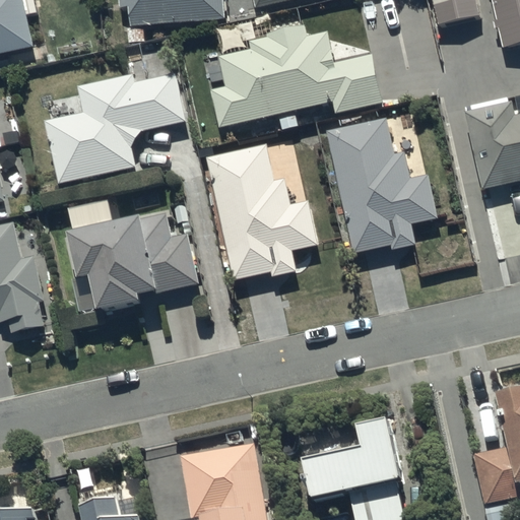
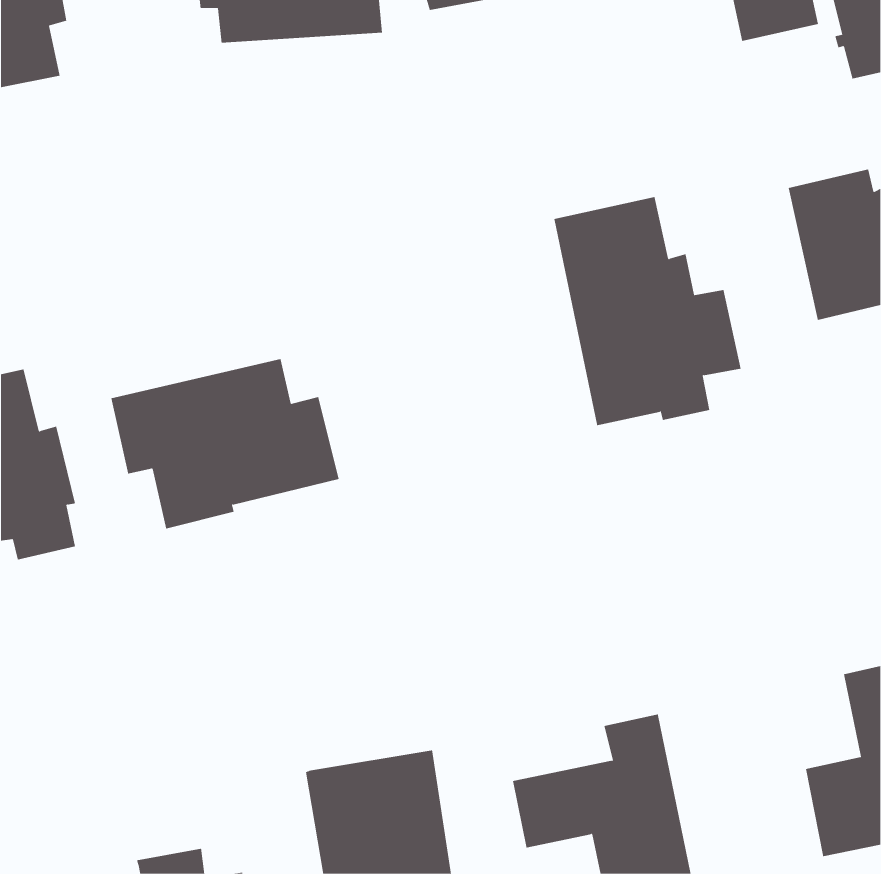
building: [213,25,384,128] -> none
building: [43,72,187,181] -> none
building: [204,142,319,279] -> none

